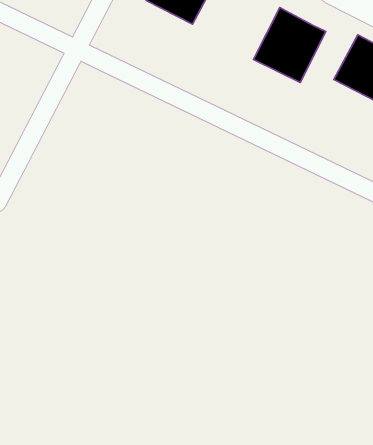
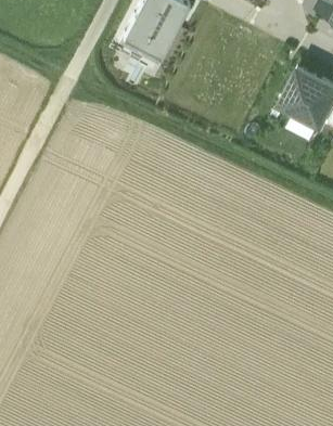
building: [253,8,326,83] -> none

